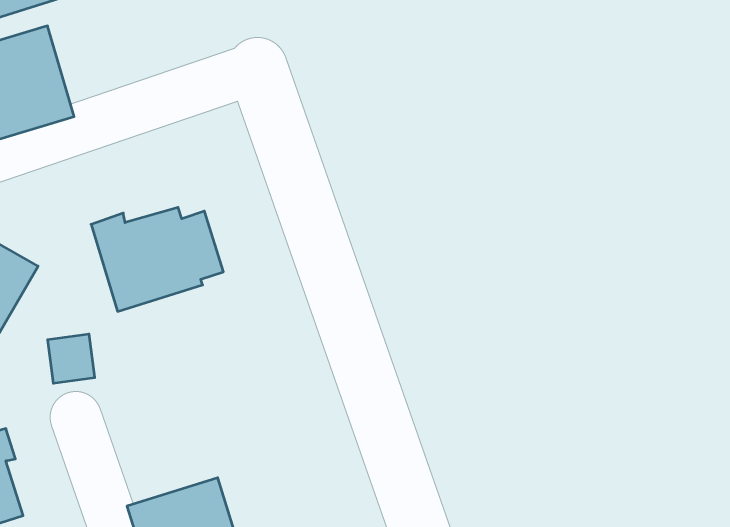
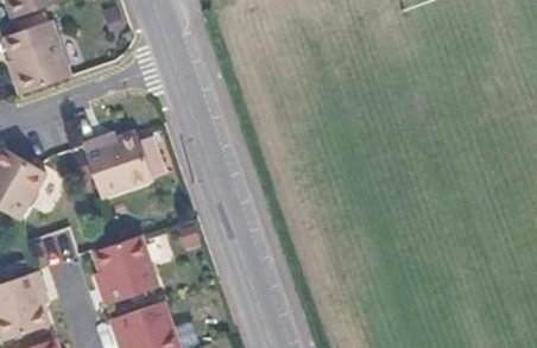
building: none -> [93,236,158,306]

